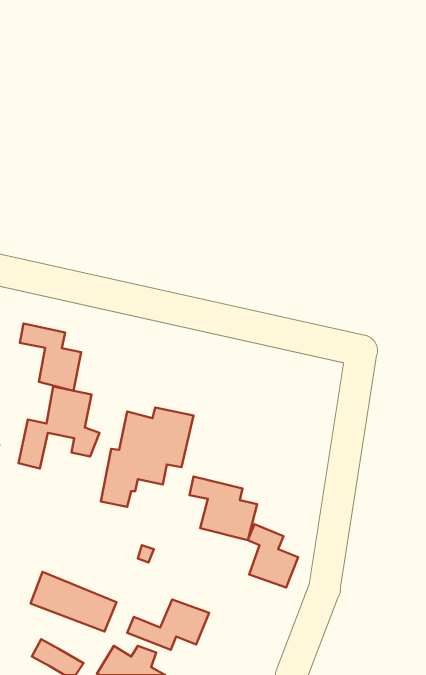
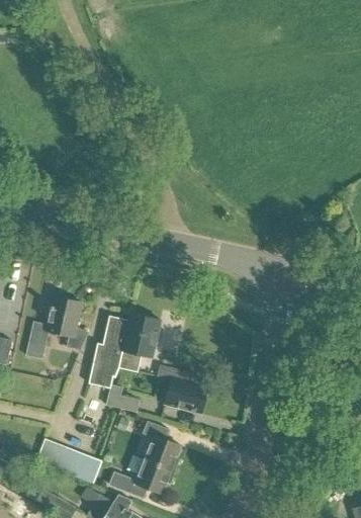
building: [20,324,81,391] -> none
building: none -> [105,383,139,412]
building: [248,524,298,588] -> [142,420,180,468]

